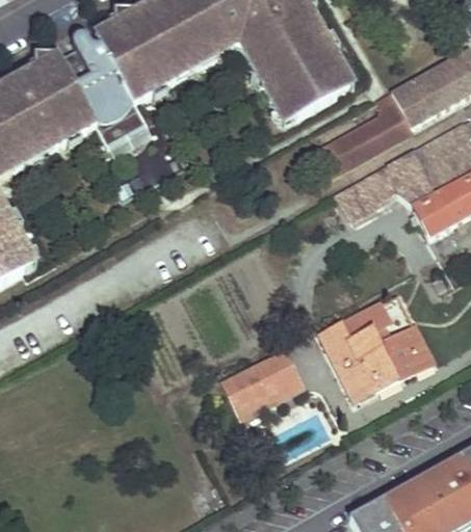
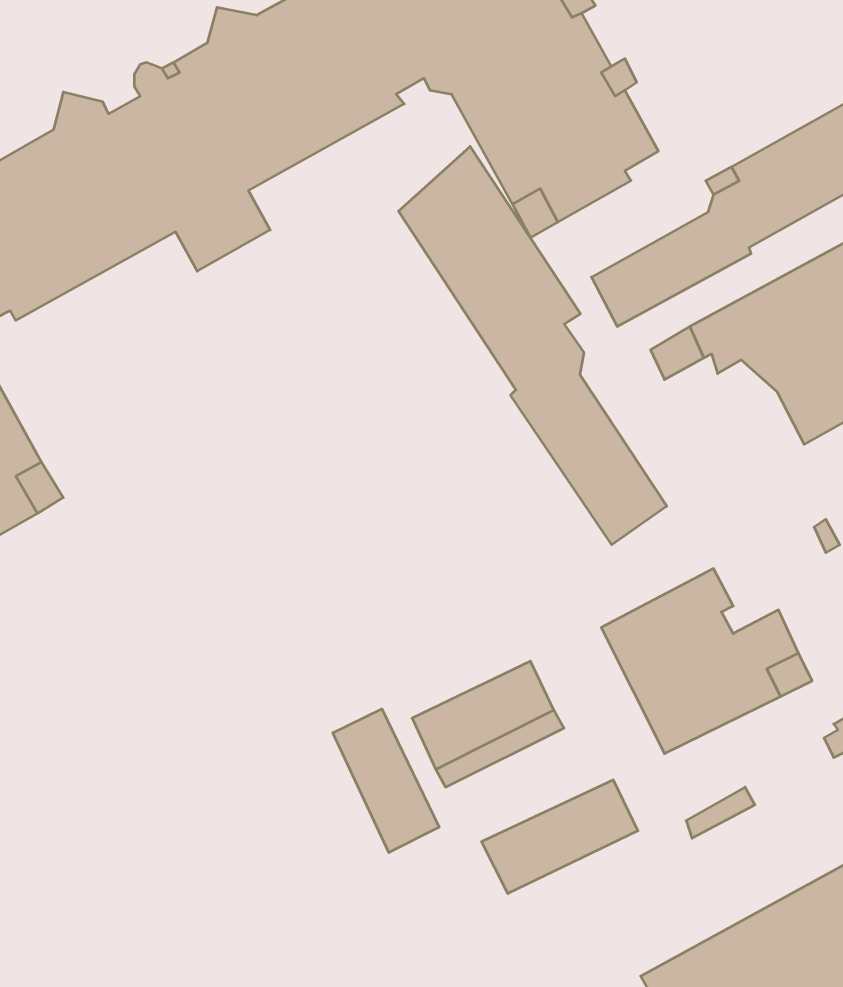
building: none -> [399,146,667,545]
building: none -> [333,709,439,853]
building: none -> [482,780,638,894]

